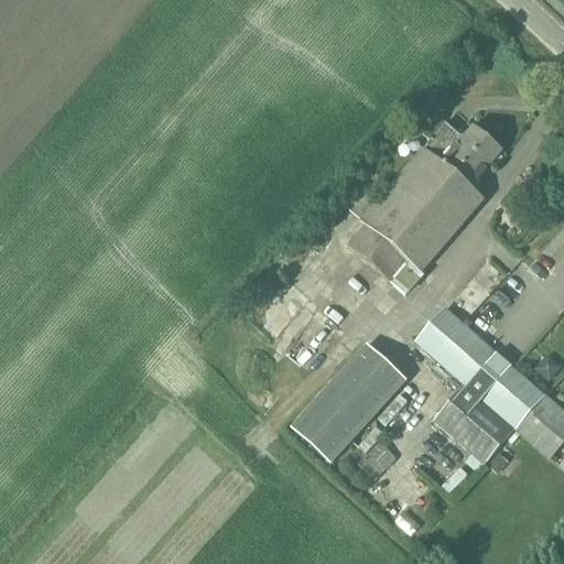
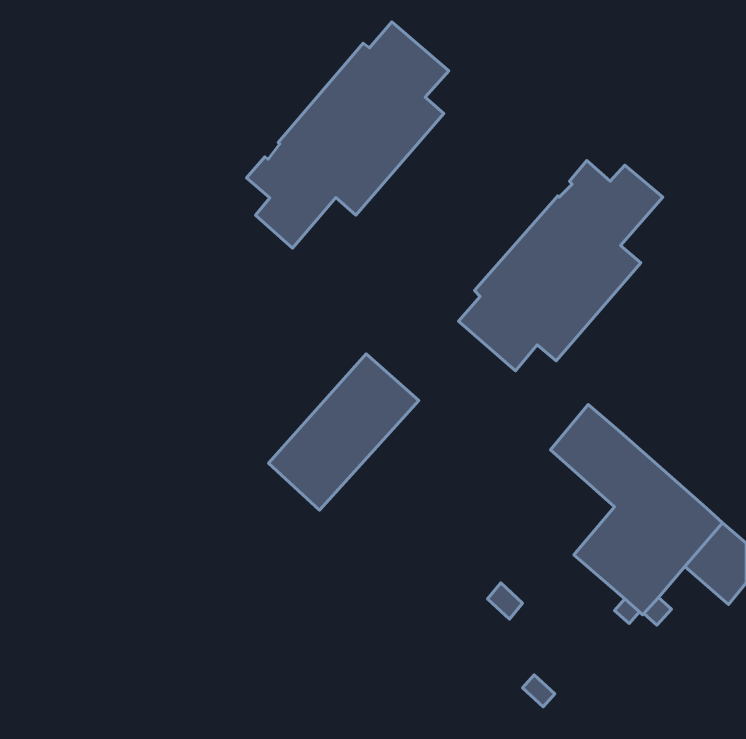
building: none -> [246,22,449,248]
building: [291,344,404,462] -> [268,354,419,510]

